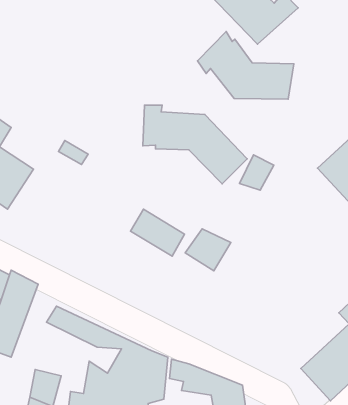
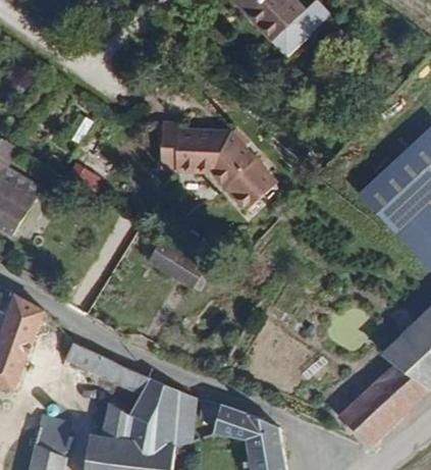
building: [197,32,294,99] -> none
building: [240,155,274,190] -> none
building: [185,229,231,271] -> none

